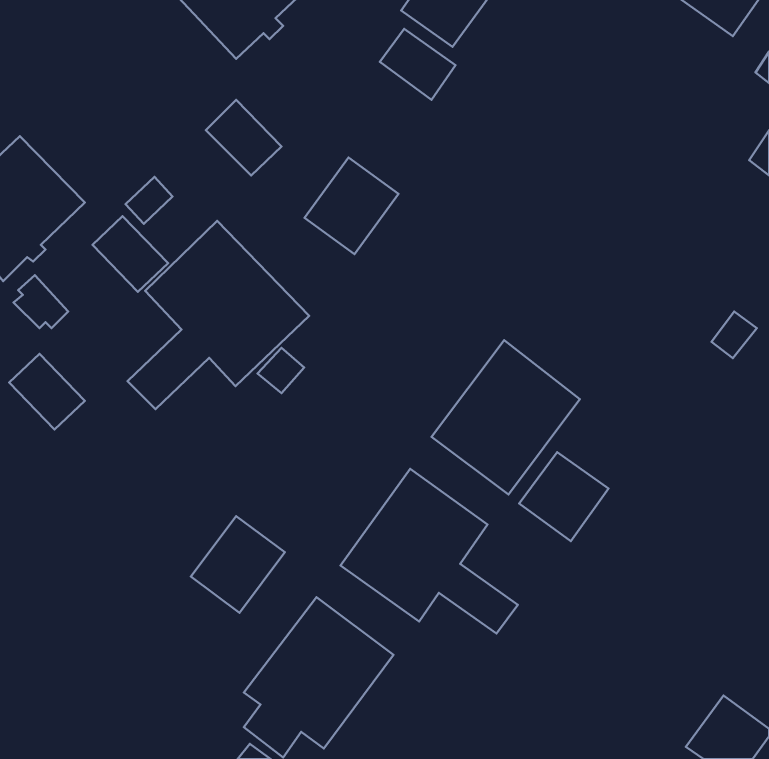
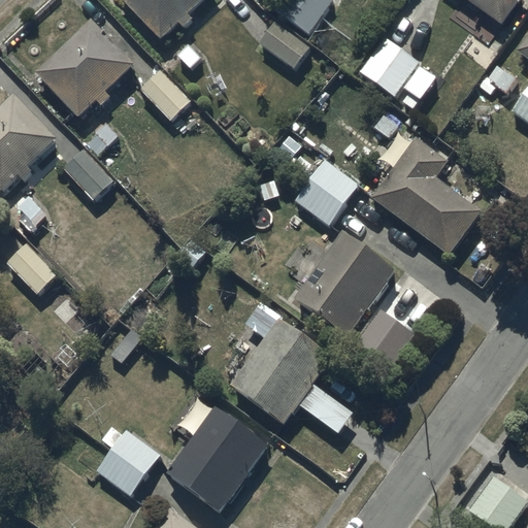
building: none -> [35,19,135,118]
building: none -> [358,34,439,111]
building: [305,157,398,254] -> [295,158,359,224]
building: none -> [369,138,481,256]
building: [128,221,309,409] -> none
building: [191,516,285,613] -> [97,428,161,494]

